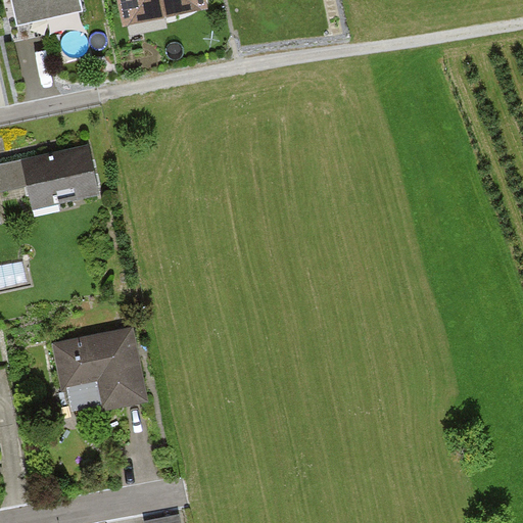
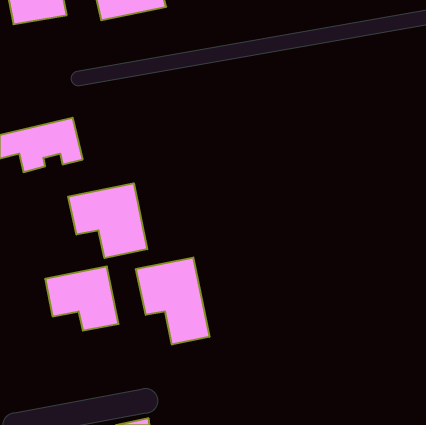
building: none -> [68,183,147,258]
building: none -> [136,257,209,345]

